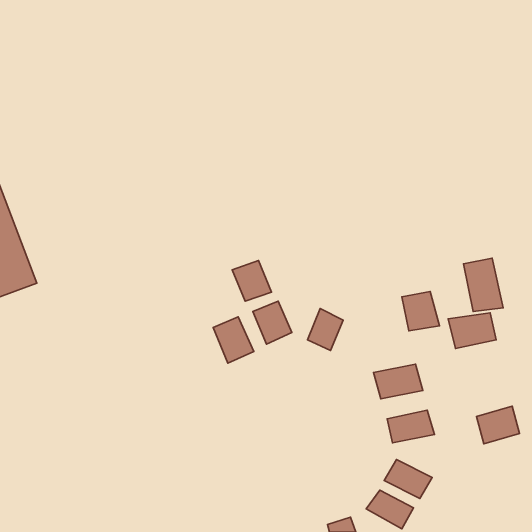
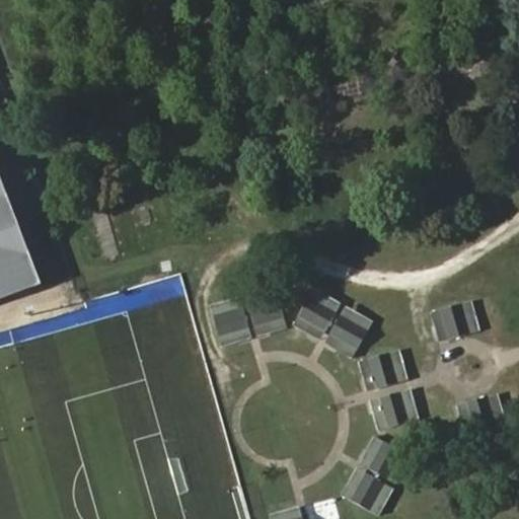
building: [463,258,503,311] -> none
building: [232,261,272,301] -> none
building: [402,292,440,331] -> none
building: none -> [329,315,366,355]

